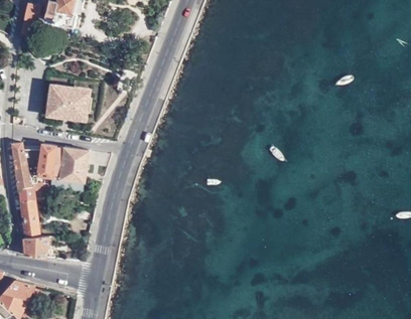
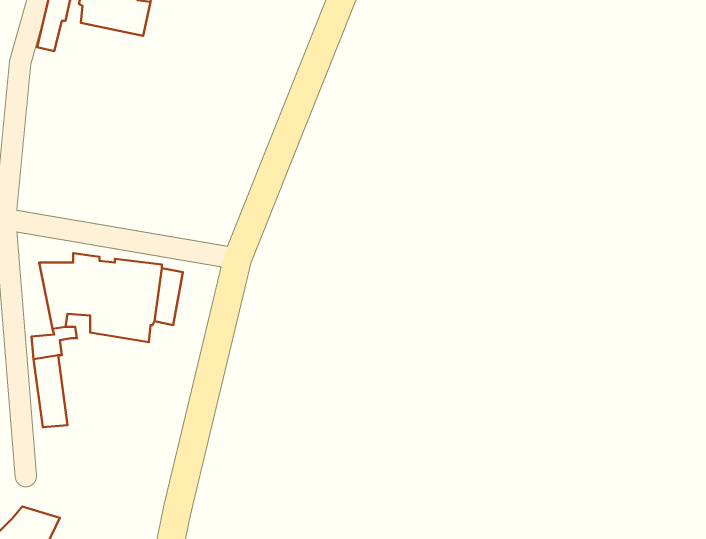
building: [47,86,88,119] -> none
building: [11,142,30,188] -> none
building: [22,234,56,258] -> none

